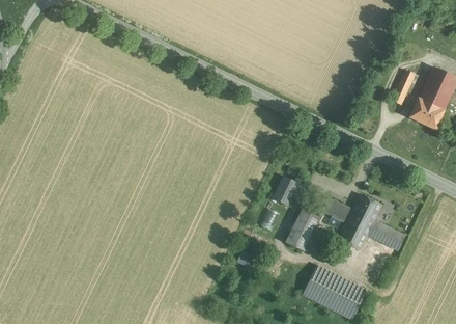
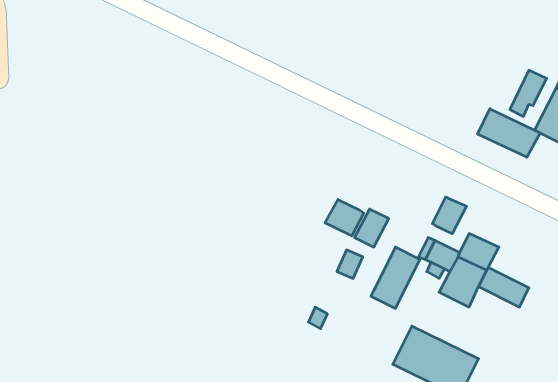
building: none -> [478,109,540,157]
building: none -> [432,197,467,234]
building: none -> [325,199,364,236]

